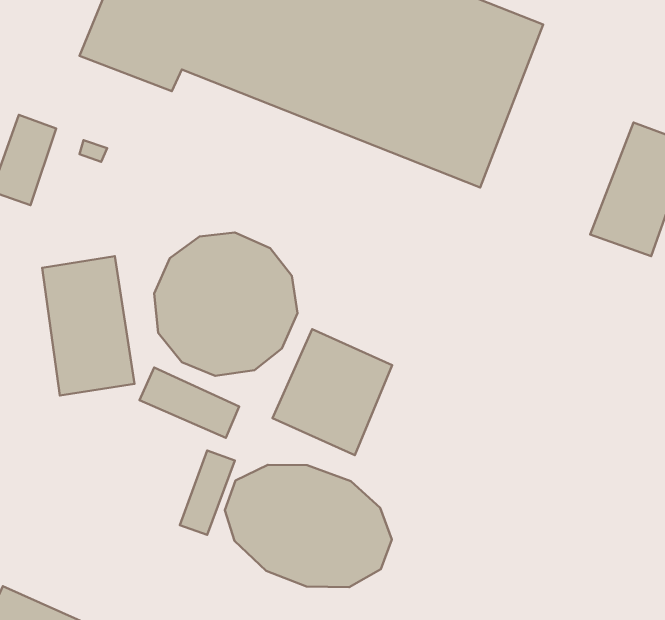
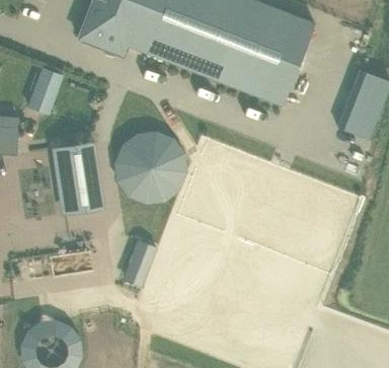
building: [273,329,392,455] -> none
building: [139,367,239,438] -> none
building: [225,465,392,587] -> none

